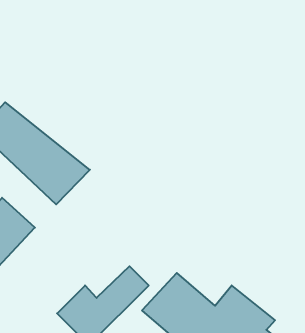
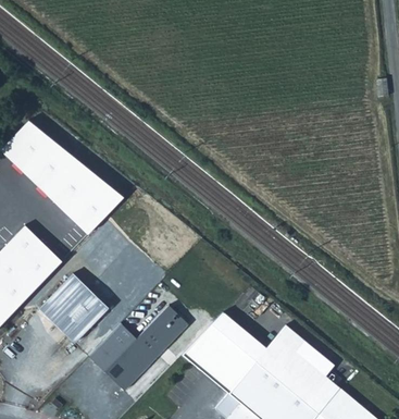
building: none -> [40,272,110,342]

